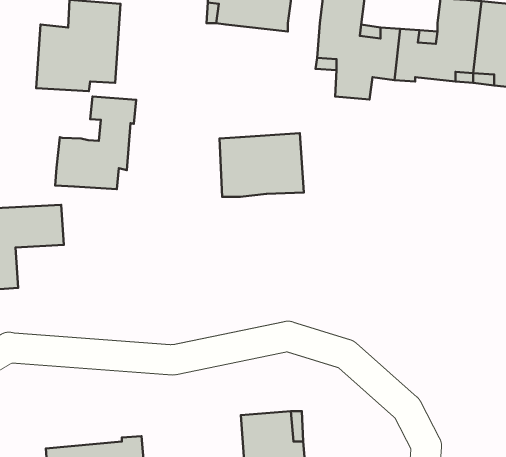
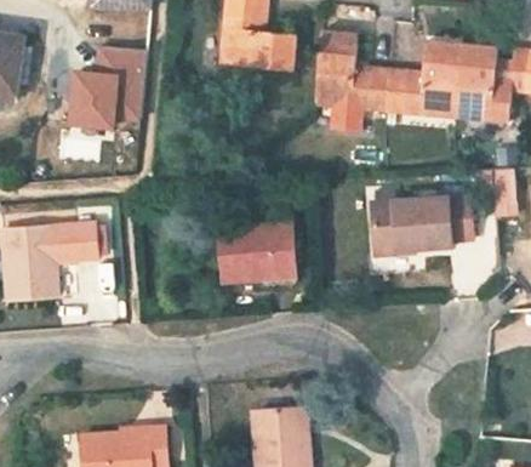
building: [55,97,136,189] -> none
building: [220,133,304,197] -> [219,223,293,279]
building: none -> [369,195,470,251]

